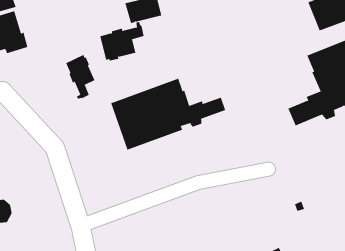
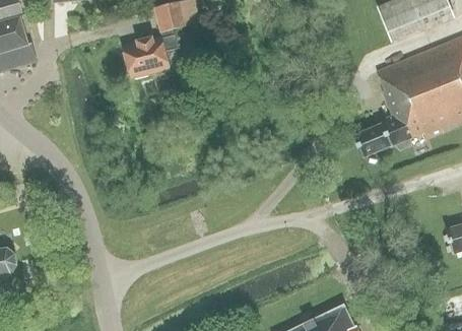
building: [66,54,95,100] -> none
building: [111,78,226,150] -> none

